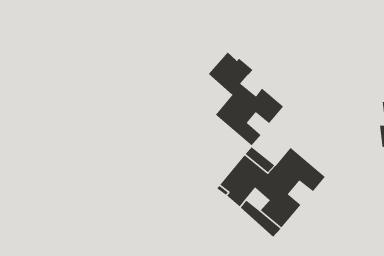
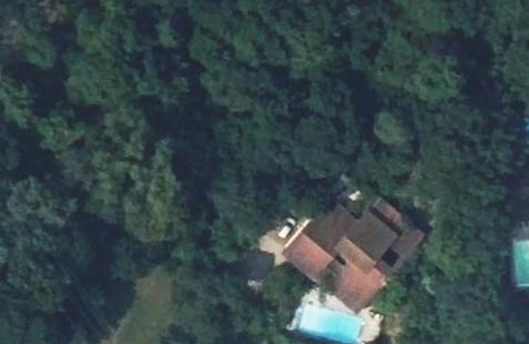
building: [208,51,284,146] -> none

